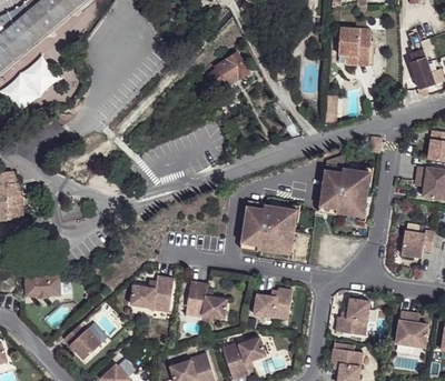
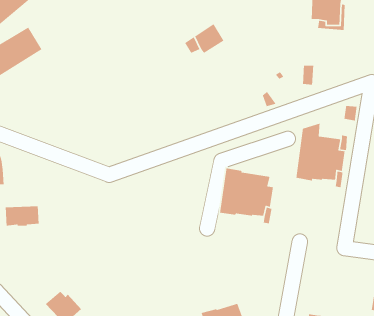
building: [26,275,61,297] -> [5,206,40,226]
building: [131,275,175,311] -> none
building: [186,281,228,319] -> none
building: [255,285,294,320] -> none
building: [335,299,370,337] -> none

